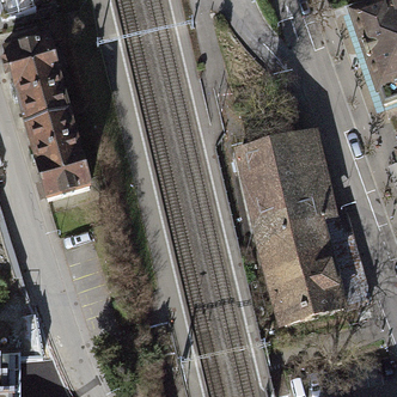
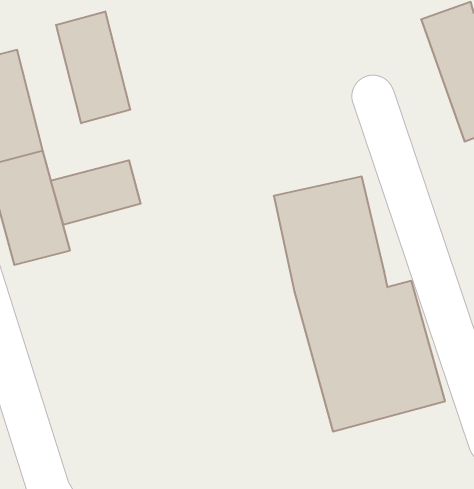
building: none -> [56,11,130,123]
building: none -> [51,160,141,225]

